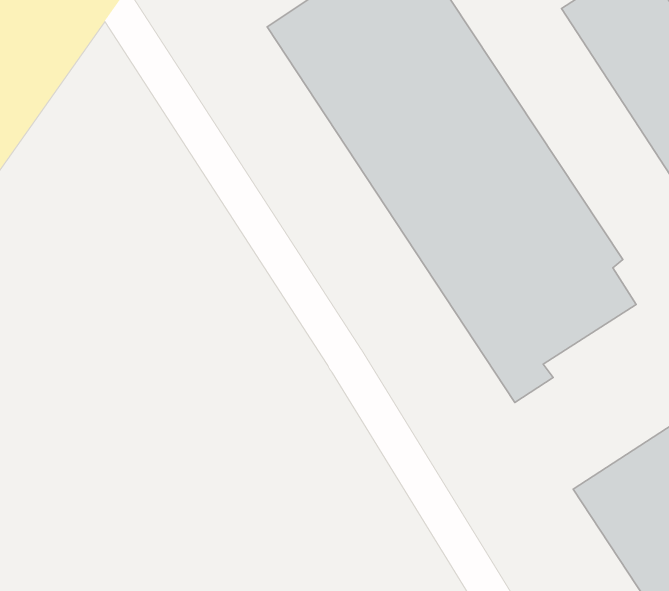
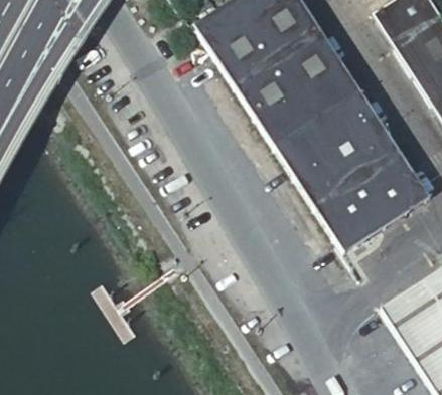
building: none -> [362,167,431,238]

